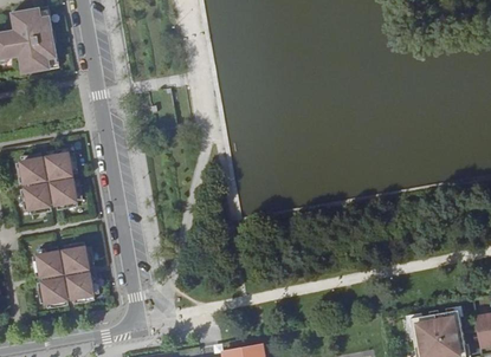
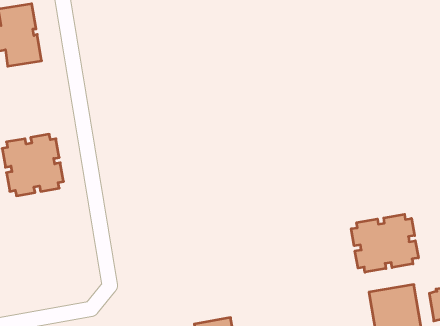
building: none -> [351,214,418,272]
building: [32,241,98,309] -> none

